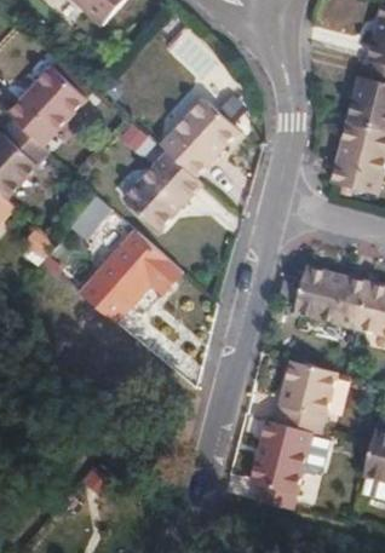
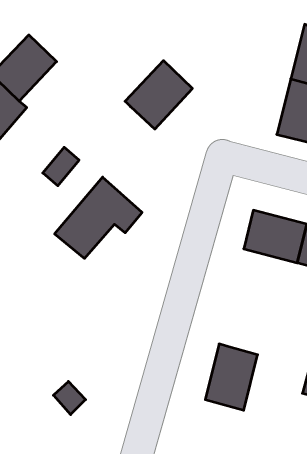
building: [122,150,200,229] -> none
building: [275,359,335,433] -> none

